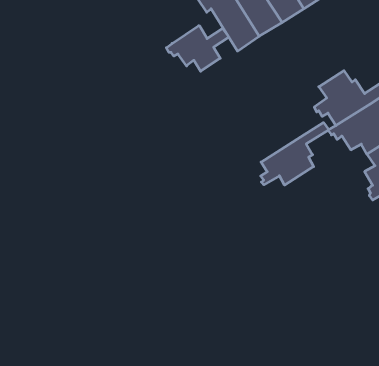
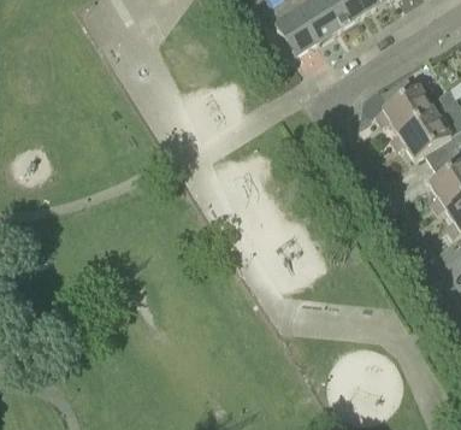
building: [166,26,229,71] -> none
building: [261,123,329,185] -> none

